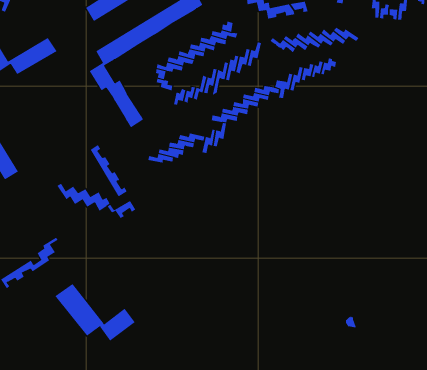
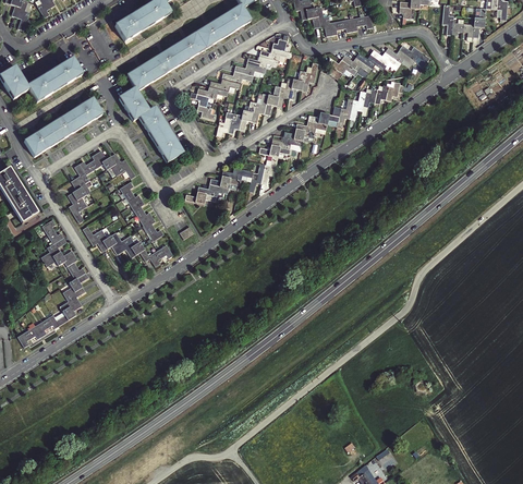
building: none -> [24,97,102,155]
building: none -> [68,149,135,221]
building: none -> [39,218,87,297]
building: [55,283,136,341] -> none

